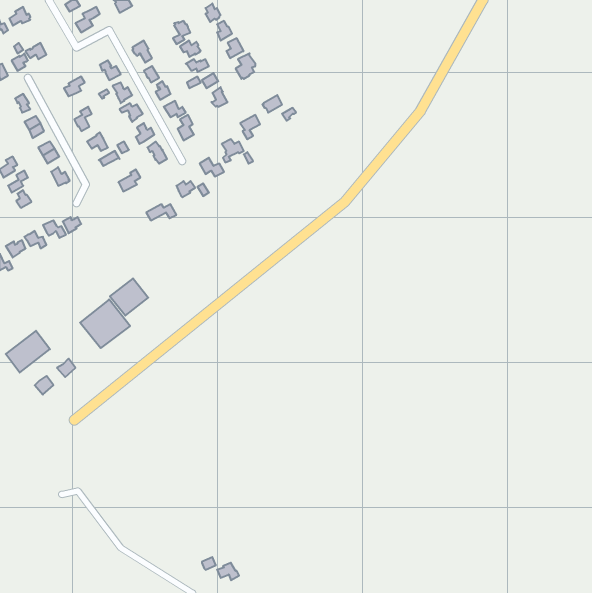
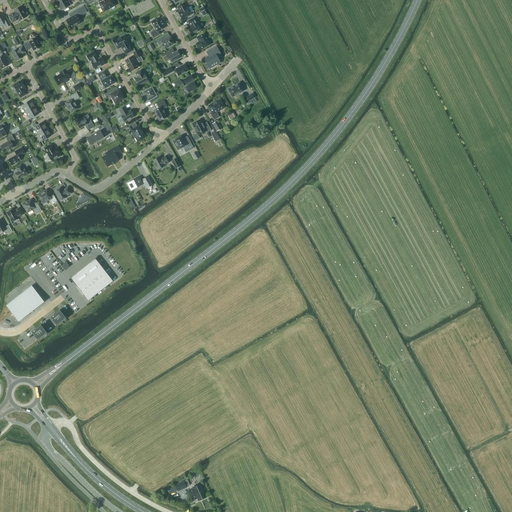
building: [110,278,148,316] -> none

